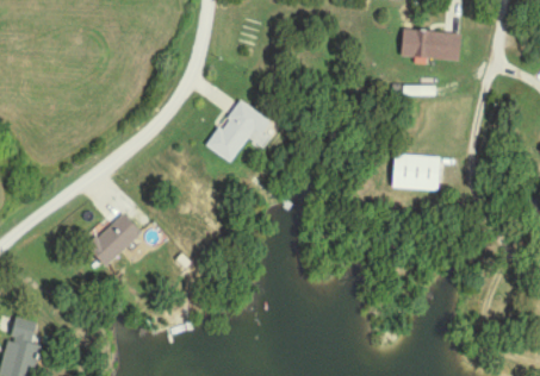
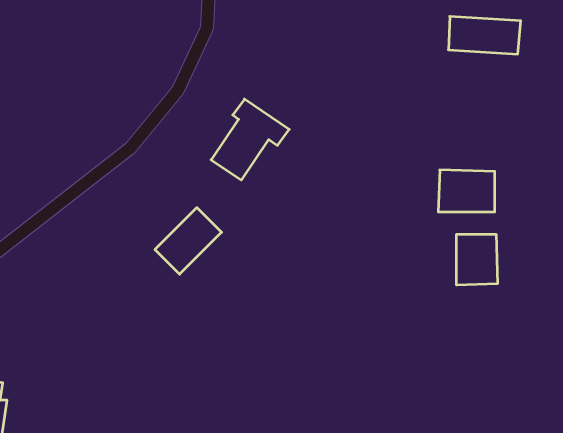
building: none -> [457,234,497,285]
building: [87,212,142,267] -> [155,208,222,274]

